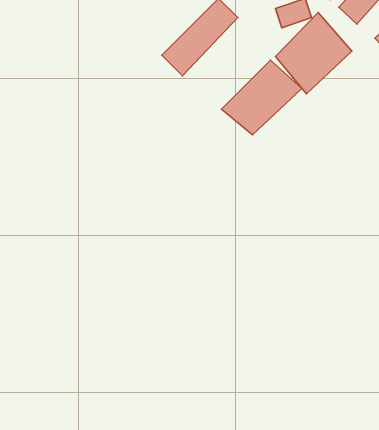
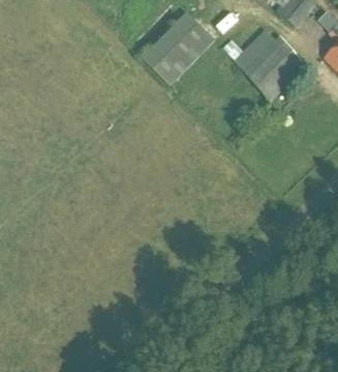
building: [222,60,302,135] -> none

